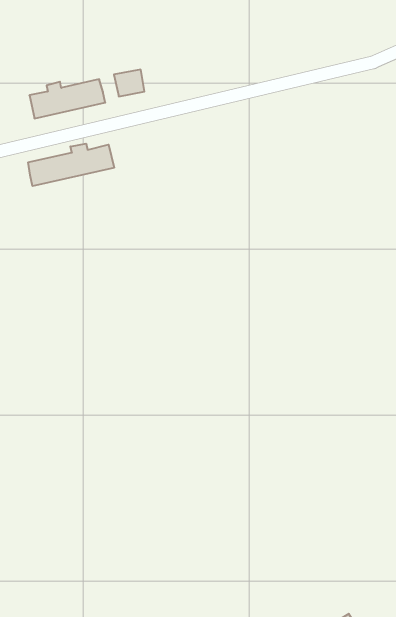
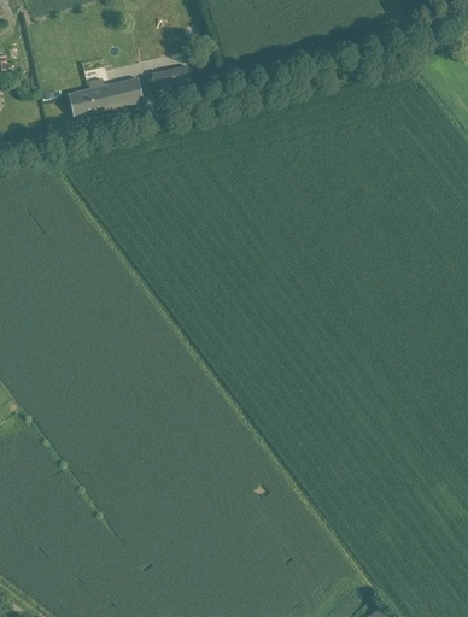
building: [28,144,114,186] -> none

